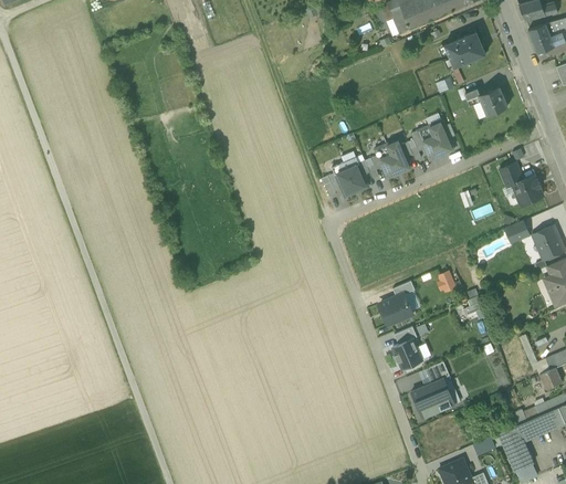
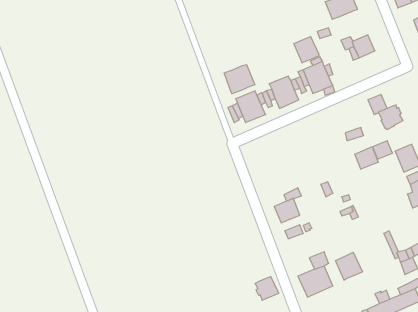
building: none -> [294,36,319,63]
building: none -> [224,65,255,94]
building: none -> [355,147,378,169]
building: [392,339,422,369] -> [255,277,279,300]
building: none -> [336,252,362,280]

